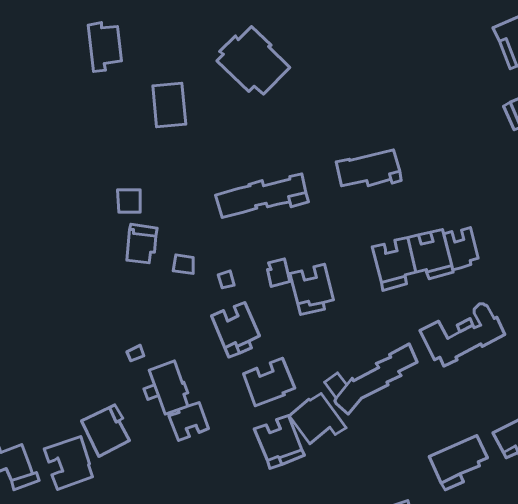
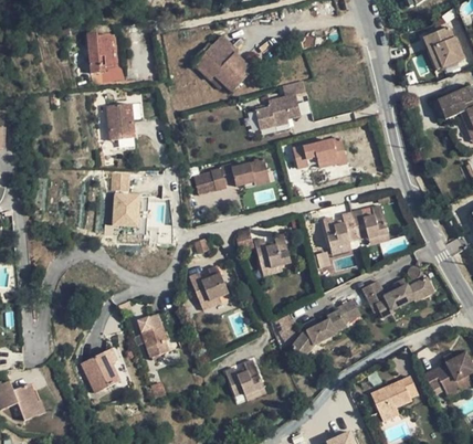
building: none -> [255,81,307,130]
building: [153,83,186,127] -> [107,104,135,140]
building: [444,227,478,270] -> none
building: [243,358,295,406] -> none
building: [289,393,346,444] -> none
building: [169,403,208,440] -> none
building: [44,437,93,490] -> none

